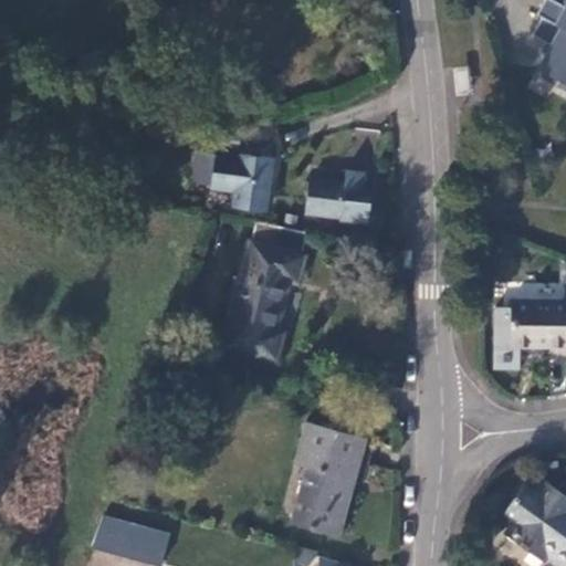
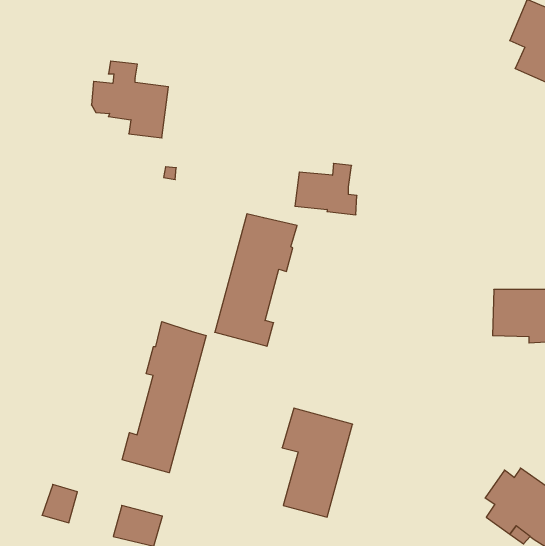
building: [193,132,273,211] -> [91,61,168,138]
building: none -> [122,322,206,473]
building: [91,515,127,555] -> [42,484,77,523]

